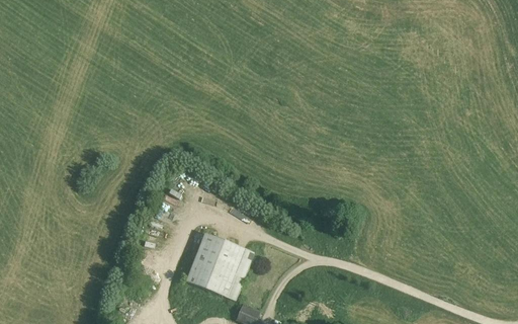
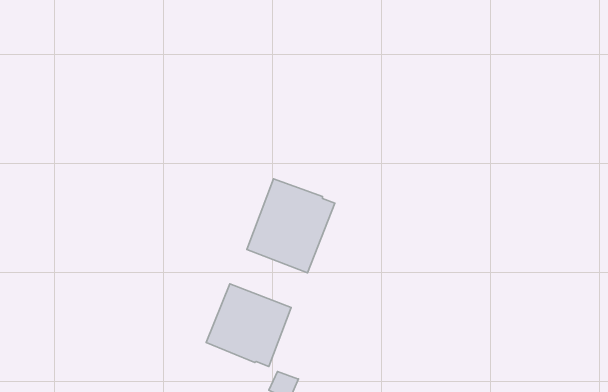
building: none -> [247,179,335,273]

